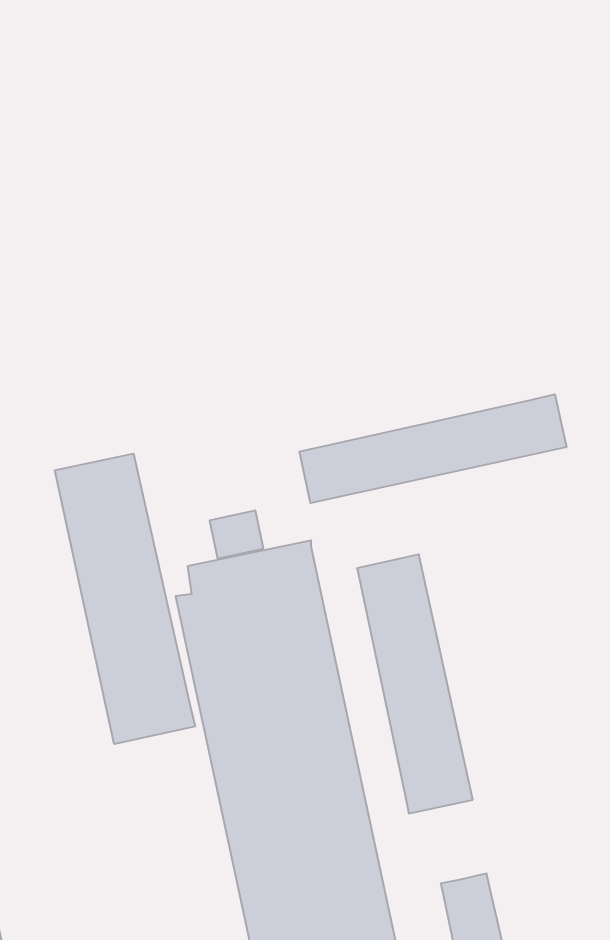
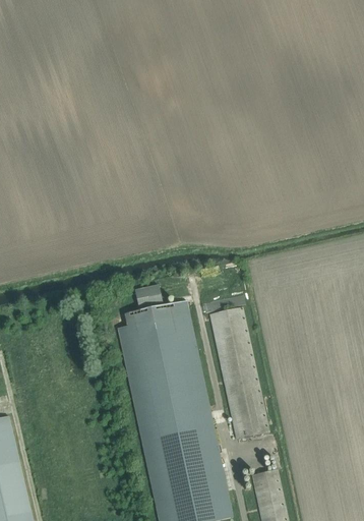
building: [300,394,566,503] -> none
building: [55,454,195,744] -> none

